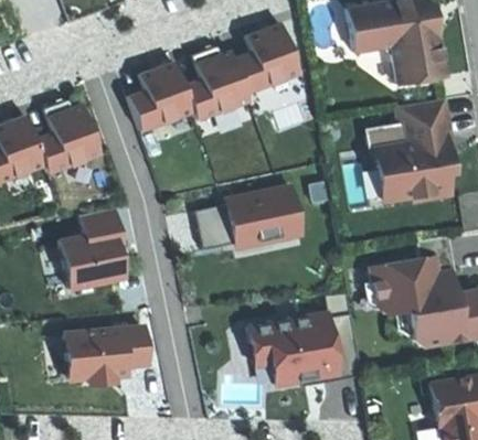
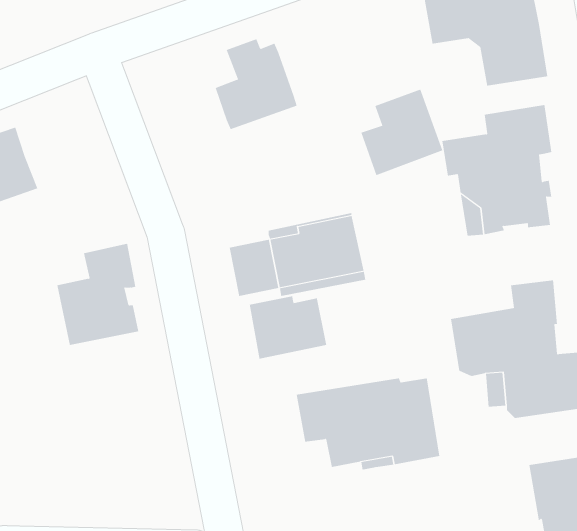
building: [235,23,300,92] -> [361,89,443,176]
building: [129,62,193,130] -> none
building: [35,100,100,172] -> none
building: none -> [249,296,327,359]
building: [65,326,148,384] -> none

